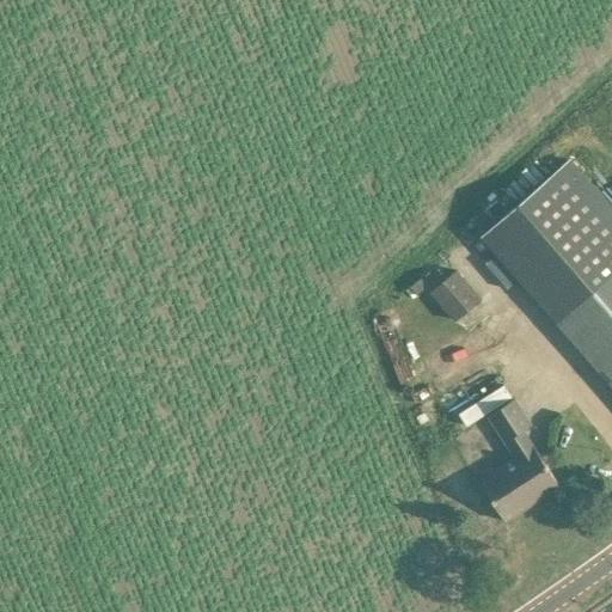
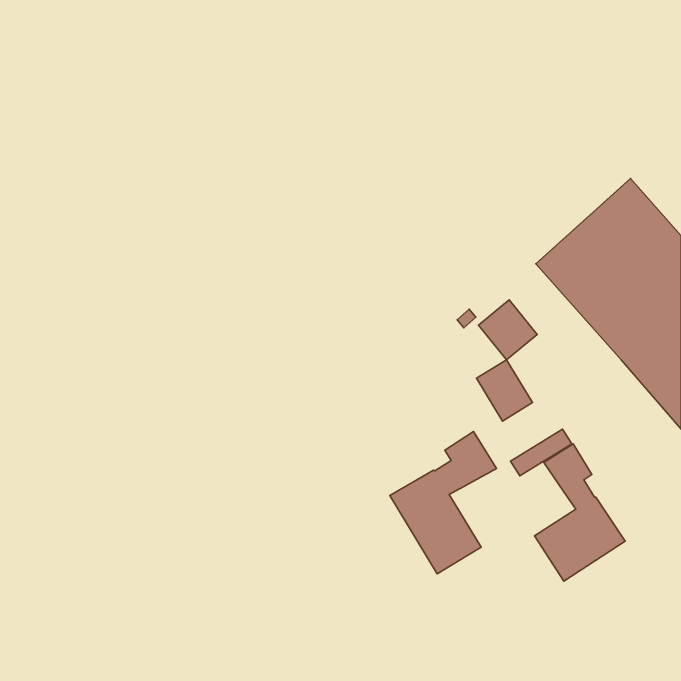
building: none -> [476,360,532,421]
building: none -> [390,431,496,574]

